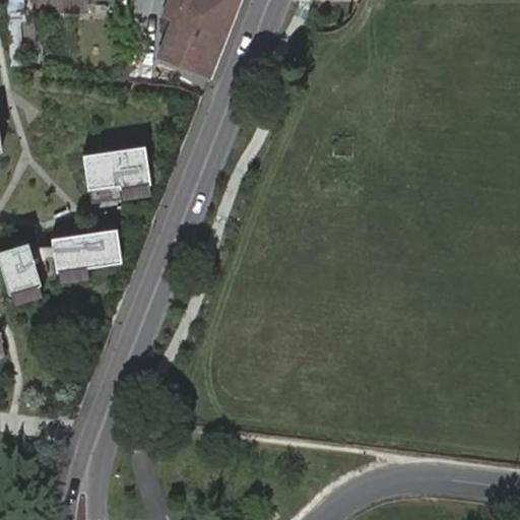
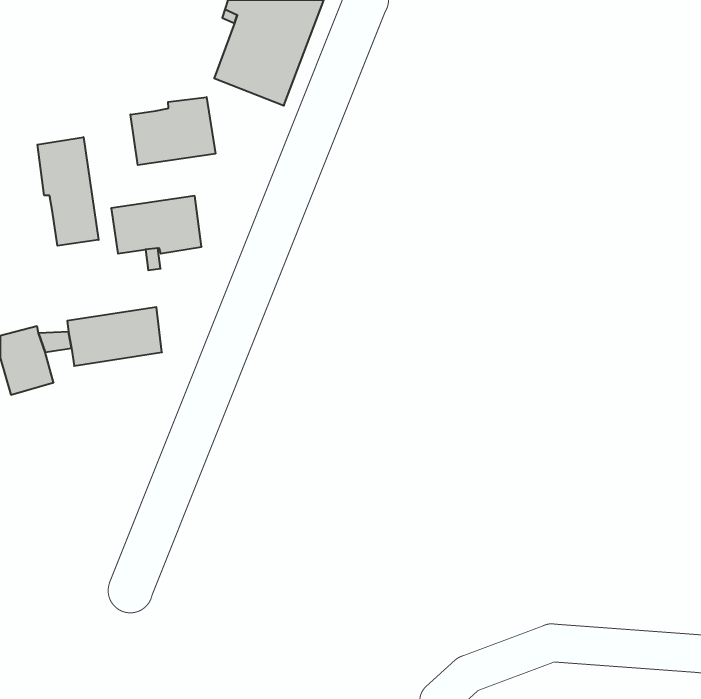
building: none -> [130,97,215,165]
building: none -> [37,137,99,246]

